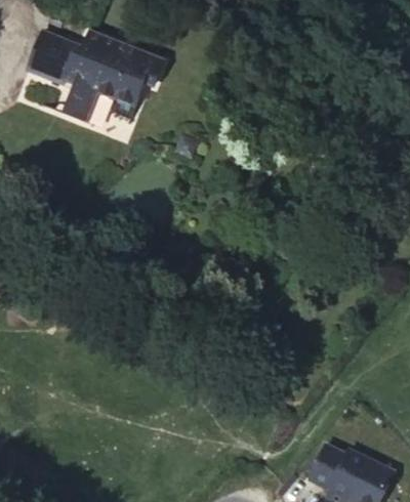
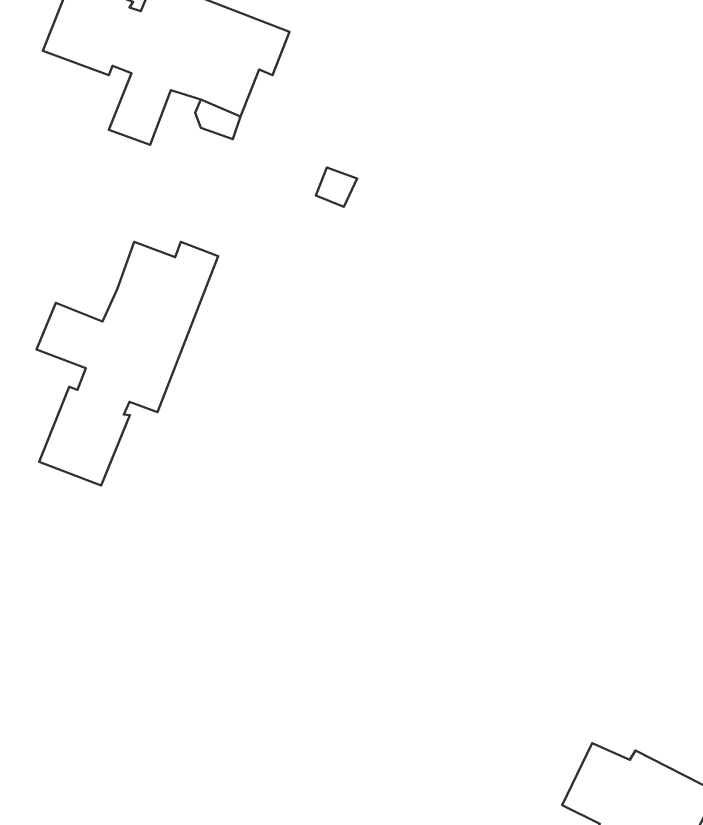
building: none -> [37,242,218,485]

